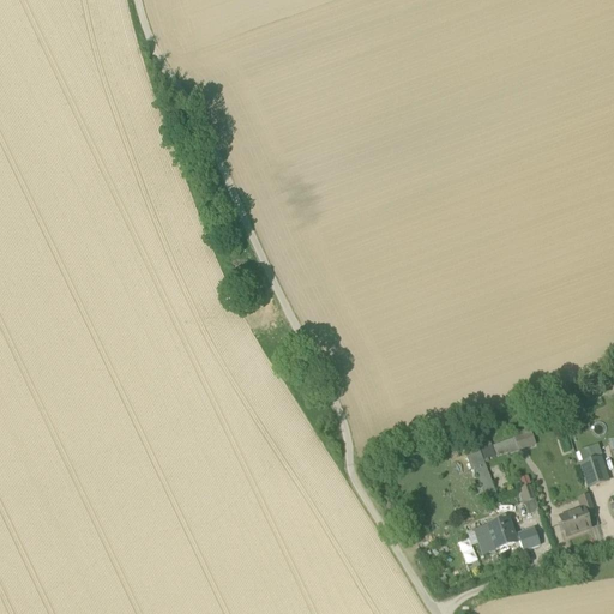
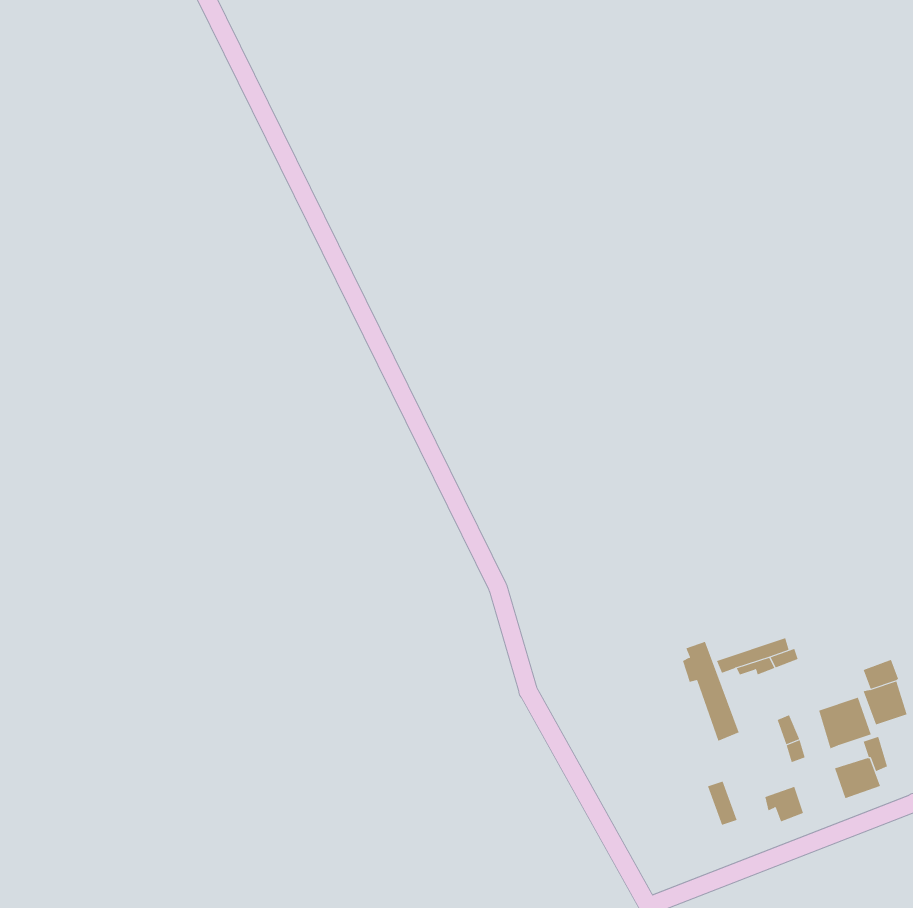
building: none -> [819,697,872,749]
building: [486,516,516,549] -> none

